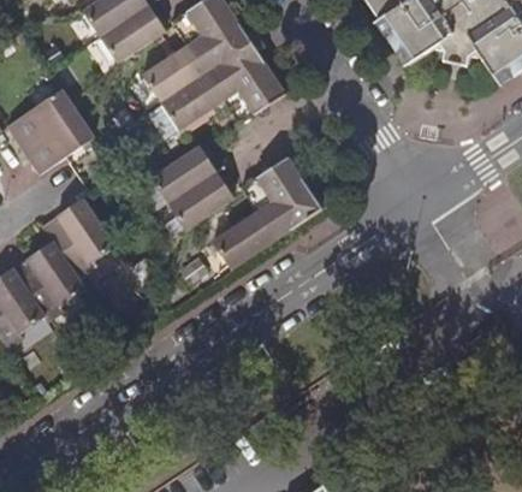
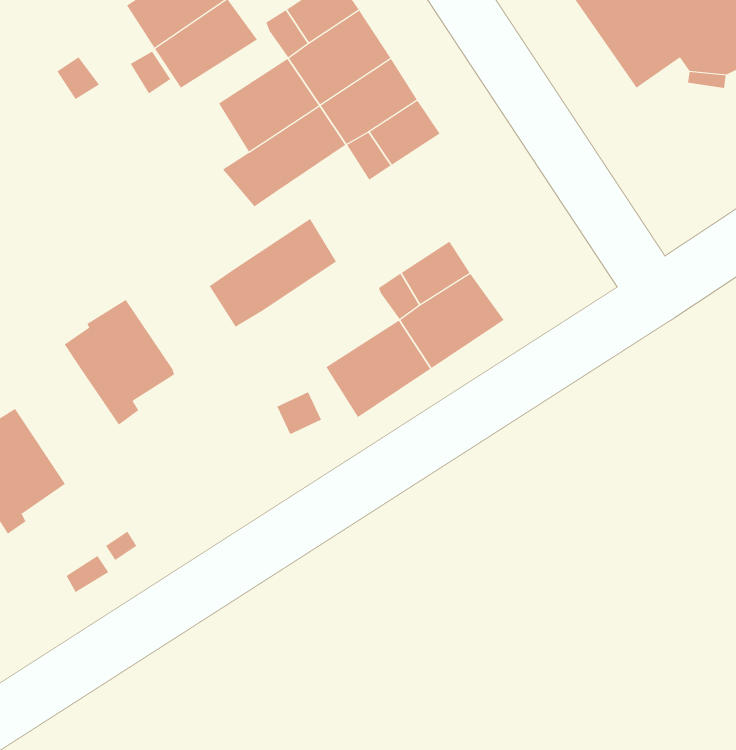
building: [8,88,94,171] -> none
building: [171,172,236,229] -> none
building: [13,239,87,319] -> none

